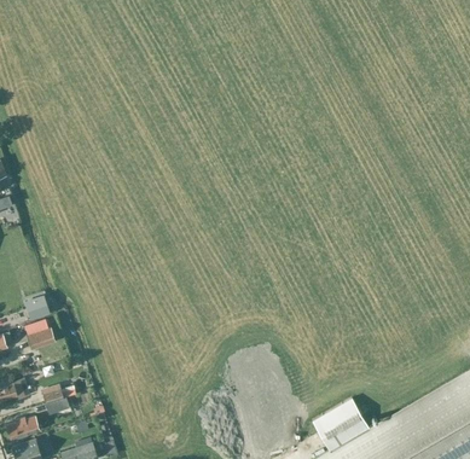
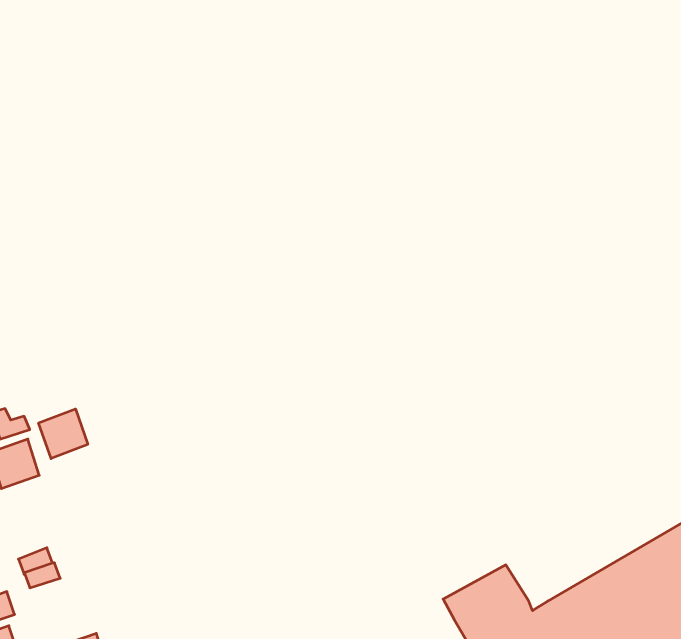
building: none -> [39,409,88,459]

